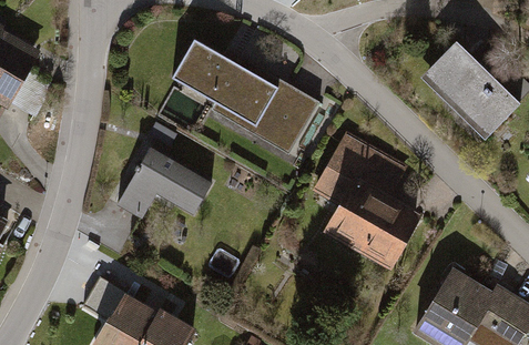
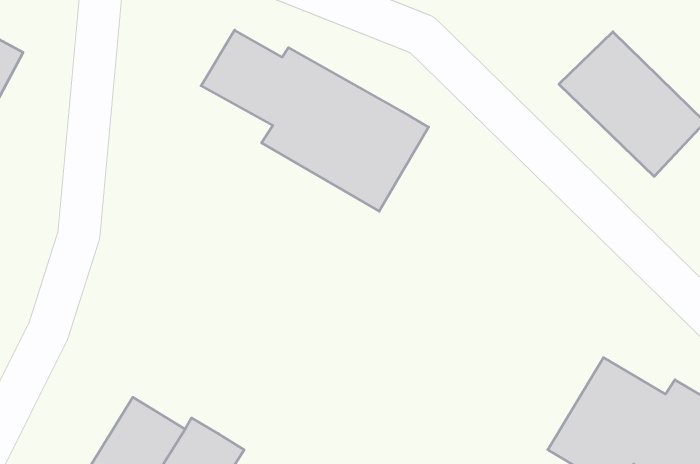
building: [316,134,416,264] -> none
building: [105,138,221,222] -> none

